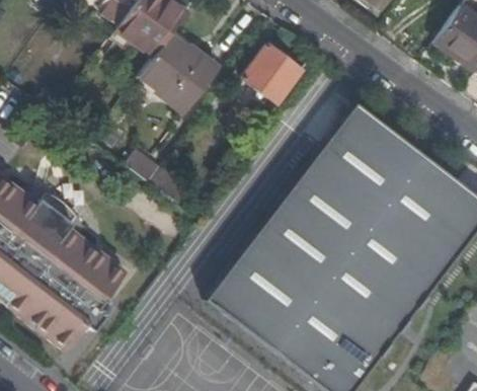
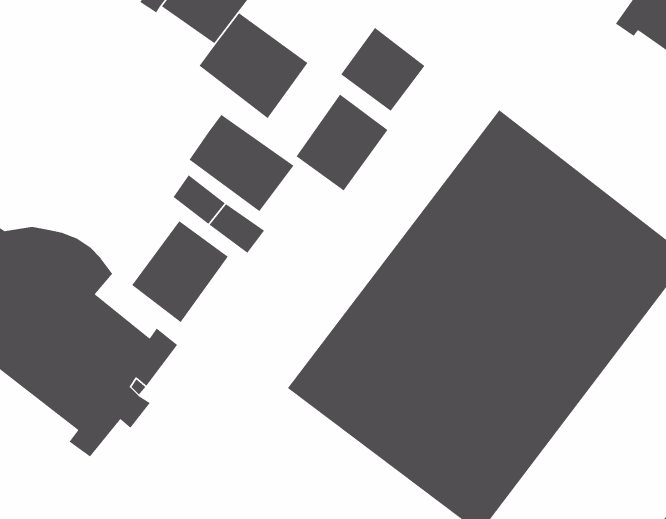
building: none -> [295,94,389,191]
building: none -> [189,114,295,212]
building: none -> [131,220,229,323]

